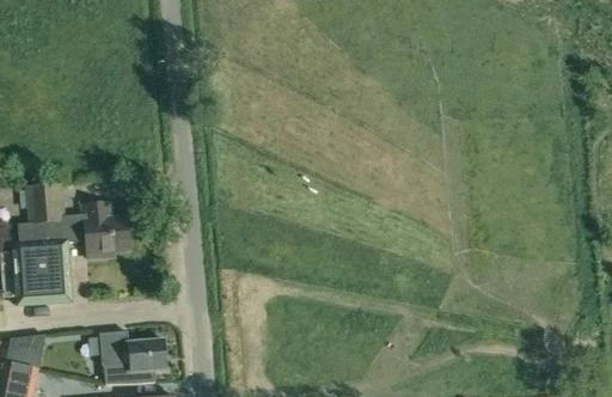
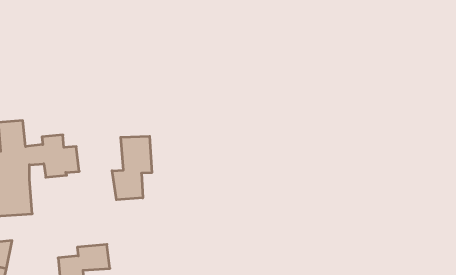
building: none -> [112,136,152,200]

